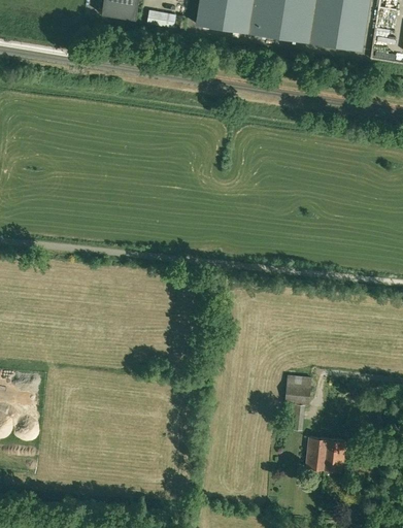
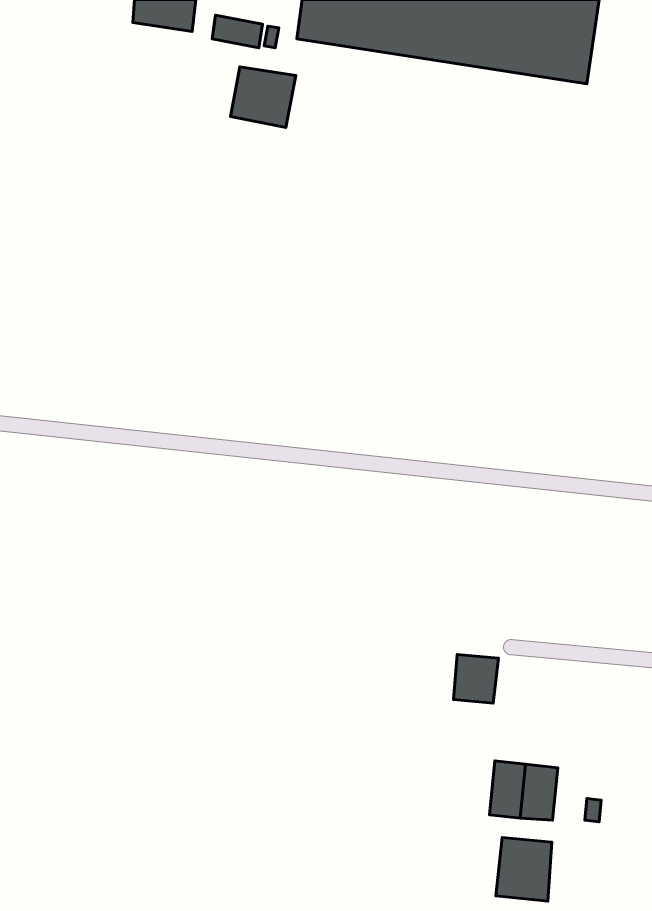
building: none -> [230,67,296,128]
building: none -> [496,838,552,901]

